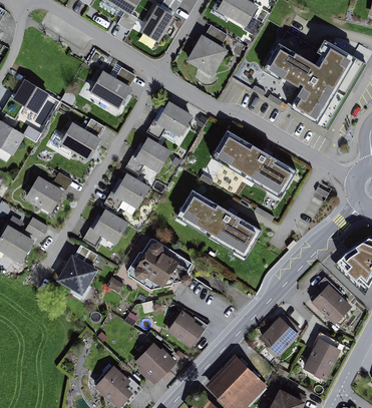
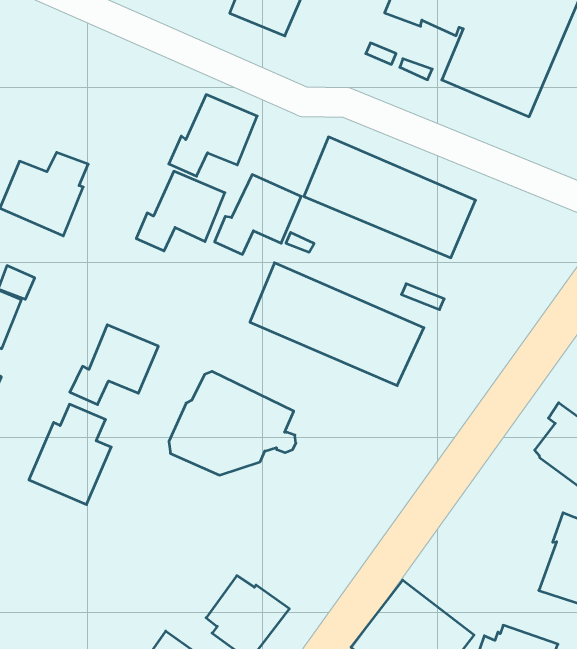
building: [89,68,135,109] -> none
building: [103,172,149,212] -> [215,175,301,254]
building: [165,310,209,349] -> none
building: [260,314,301,356] -> none

